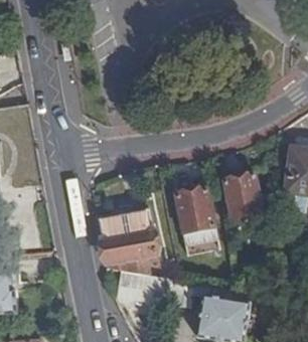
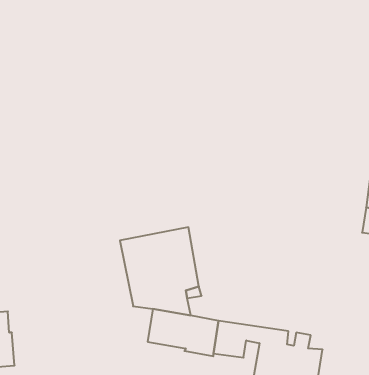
building: [223,173,263,217] -> none
building: [175,186,217,244] -> none

